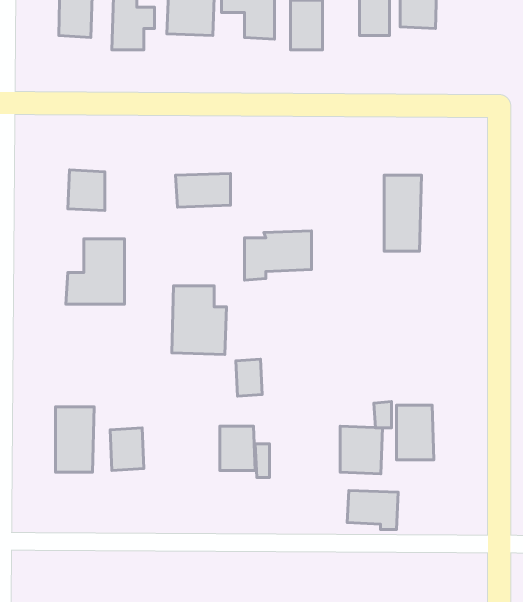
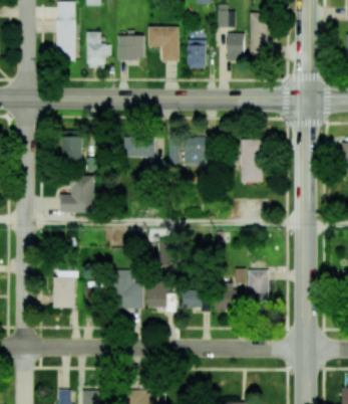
building: [244,231,312,280] -> [168,136,207,164]
building: [172,286,227,355] -> [112,270,143,310]
building: [347,491,398,529] -> [182,289,211,312]

